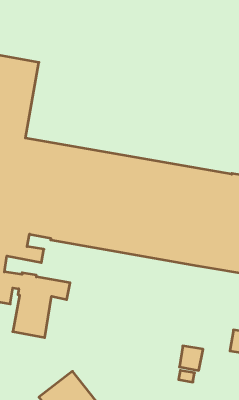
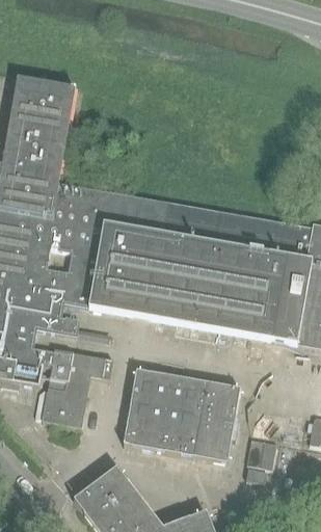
building: none -> [124,373,240,466]

